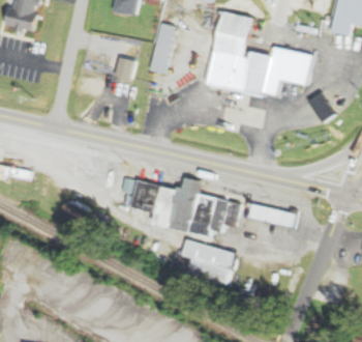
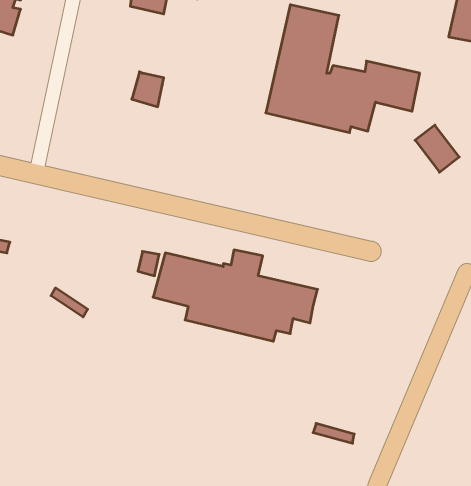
building: [148,23,177,75] -> none
building: [247,203,296,228] -> none
building: [180,239,234,288] -> none

